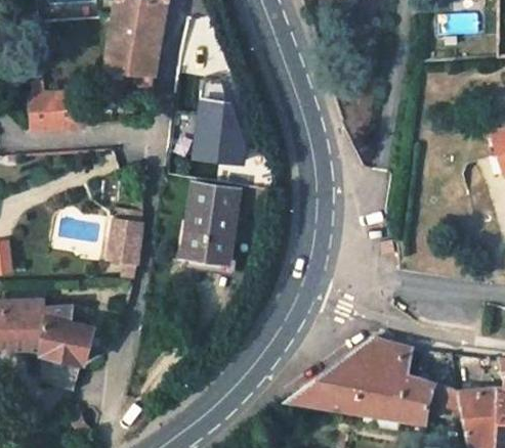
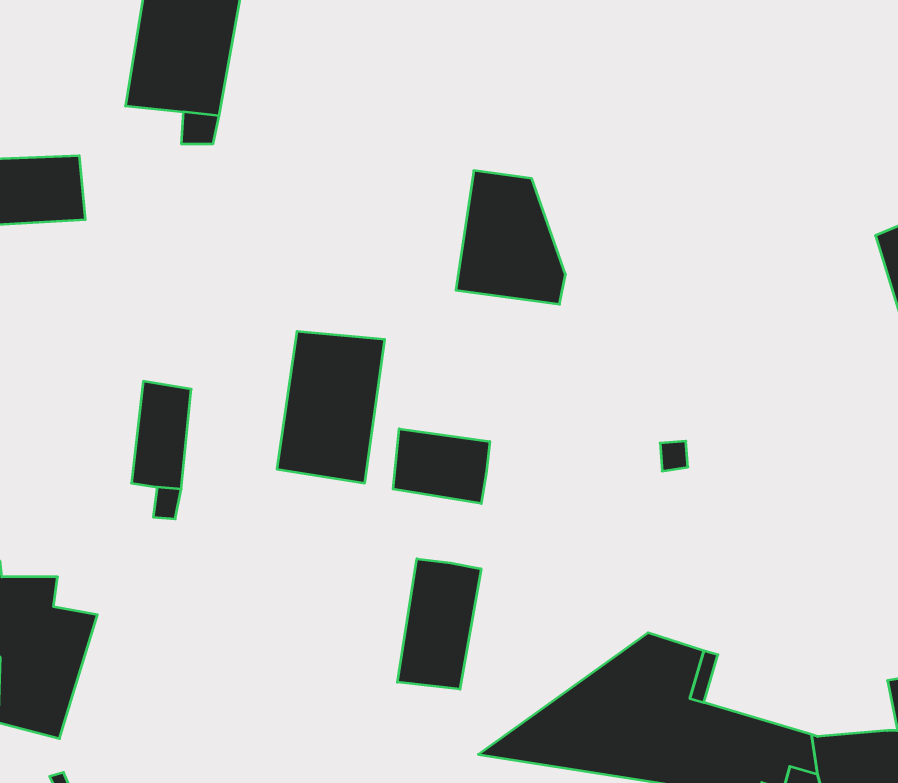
building: [191,96,247,165] -> [456,171,566,304]
building: none -> [393,429,490,504]
building: none -> [397,559,481,689]

